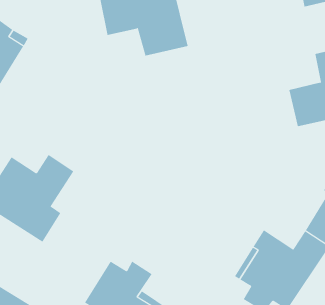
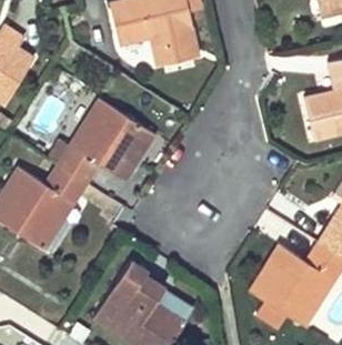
building: none -> [58,99,153,183]

